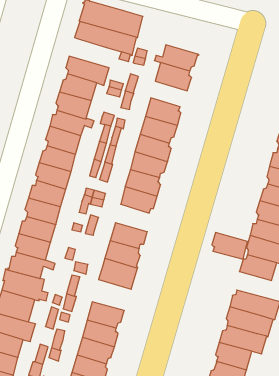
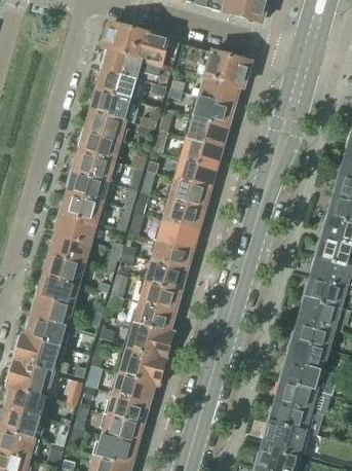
building: none -> [177,43,250,85]
building: none -> [93,67,146,101]
building: none -> [188,116,230,146]
building: none -> [147,259,188,291]
building: [212,233,247,259] -> [286,337,327,368]
building: none -> [120,347,165,383]

